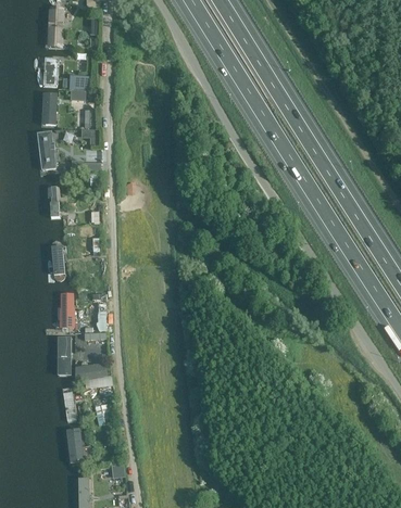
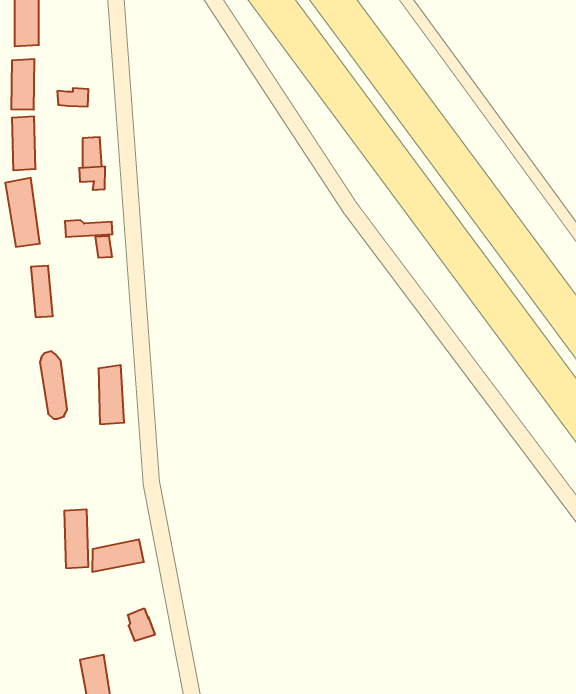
building: [58,293,73,329] -> [98,365,124,424]

